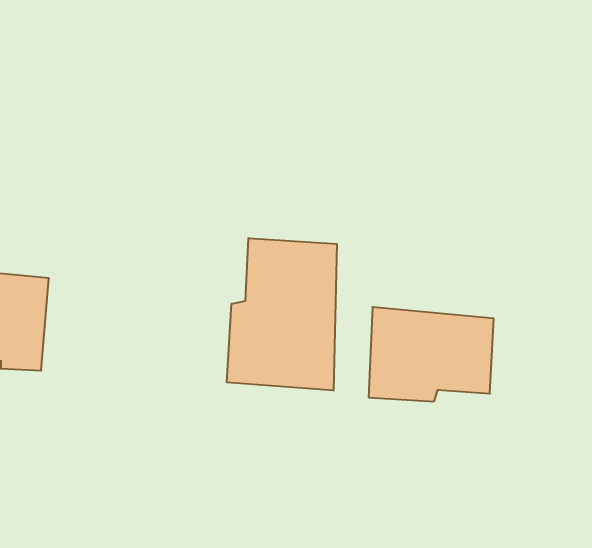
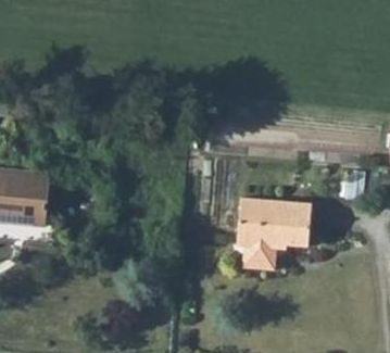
building: [227,238,337,391] -> none

